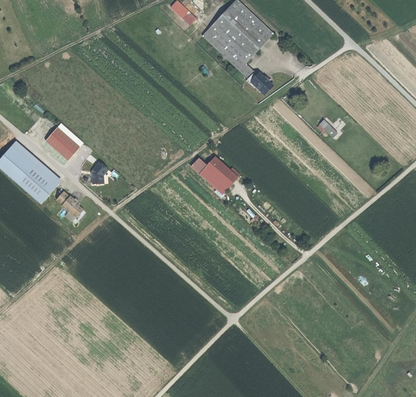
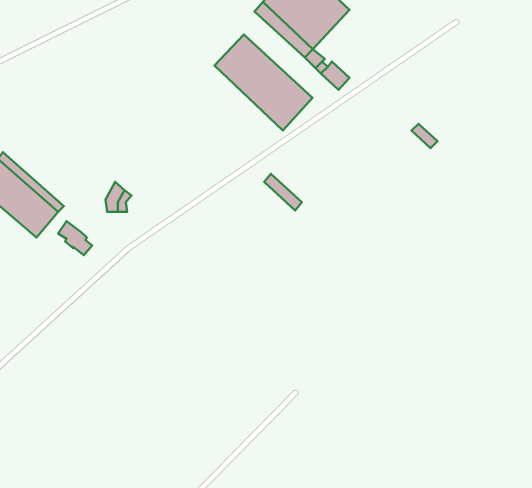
building: none -> [214,35,312,130]
building: [45,126,79,159] -> none
building: [199,161,232,194] -> none

